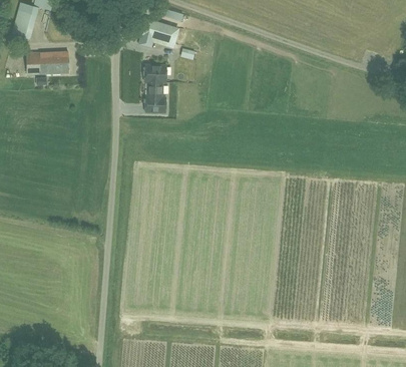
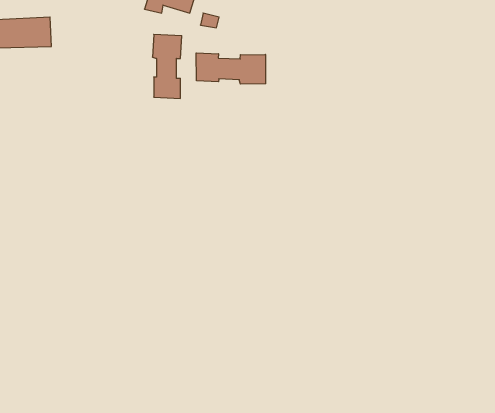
building: none -> [196,53,266,84]

